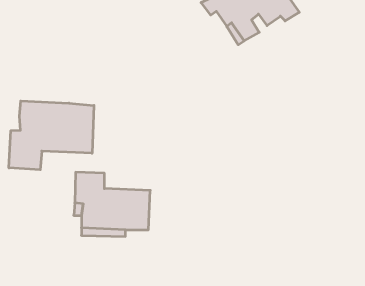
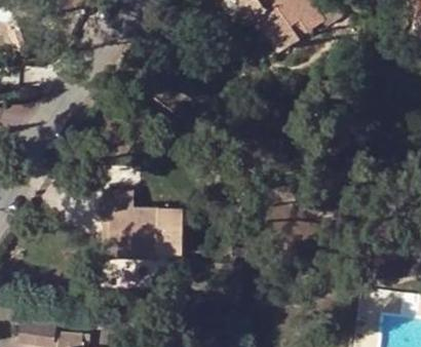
building: [9,101,94,170] -> none

